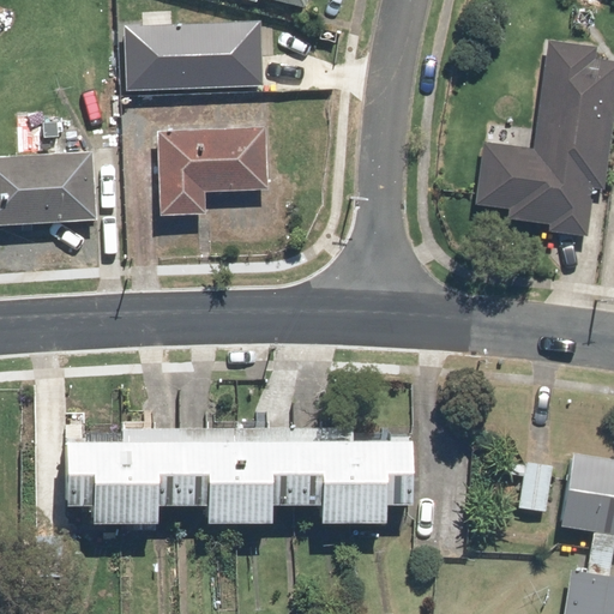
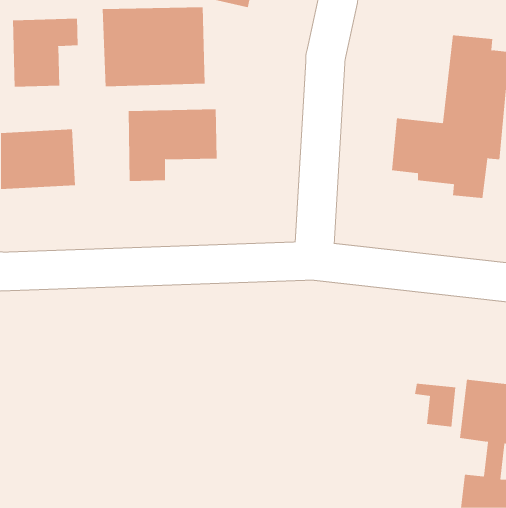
building: none -> [12,18,78,88]
building: [66,422,413,522] -> none

